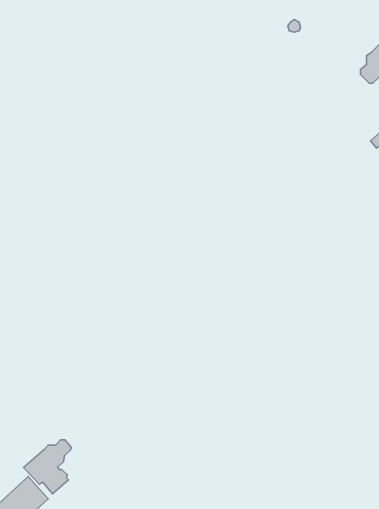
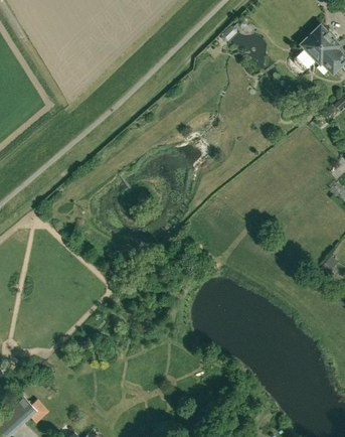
building: [24,440,71,494] -> none

